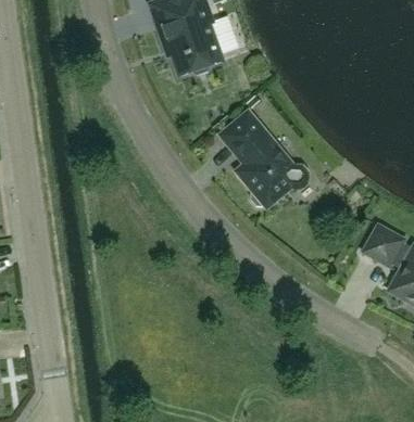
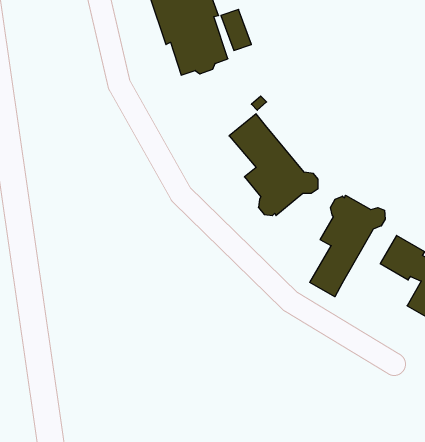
building: none -> [310,195,385,297]

